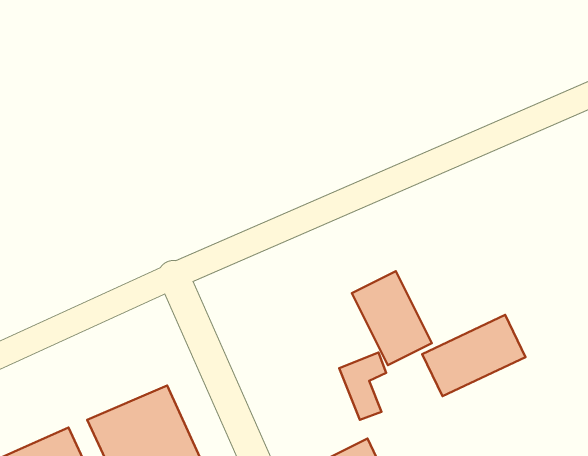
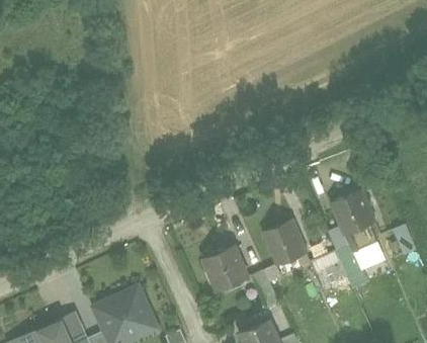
building: none -> [334,187,380,239]
building: none -> [200,244,249,292]

